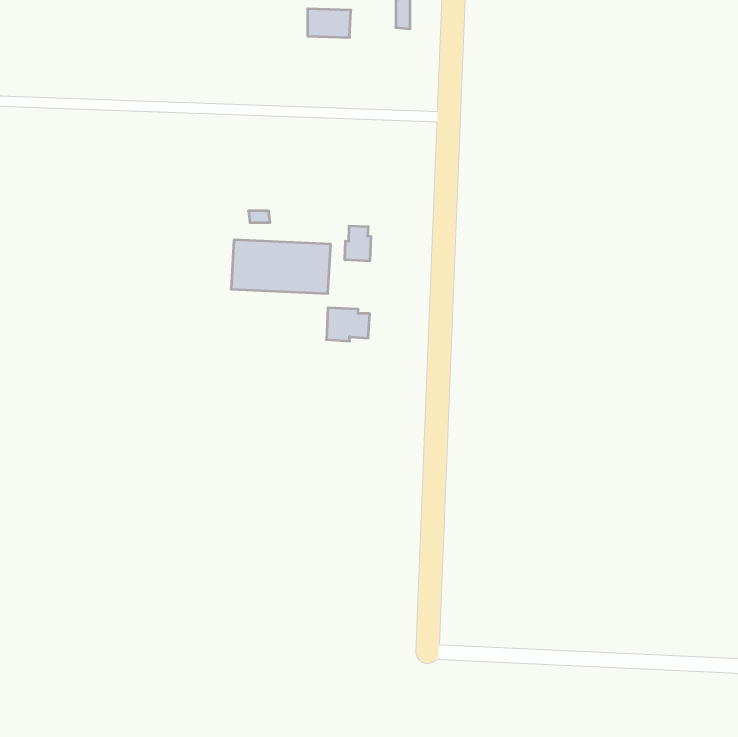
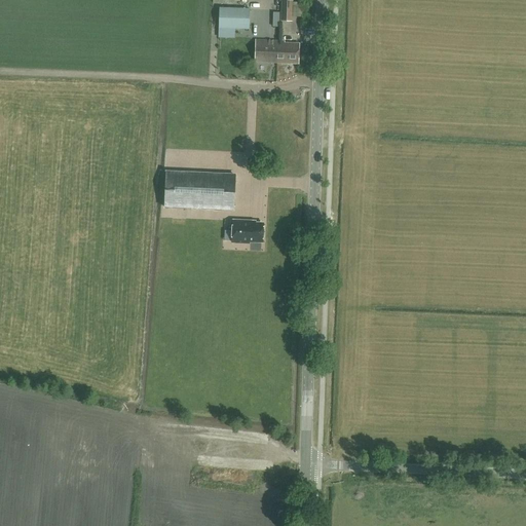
building: none -> [255,39,299,62]
building: [345,226,371,261] -> none

